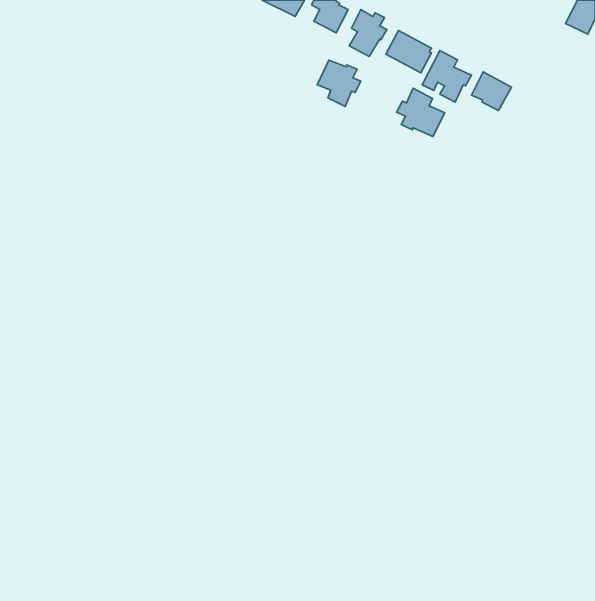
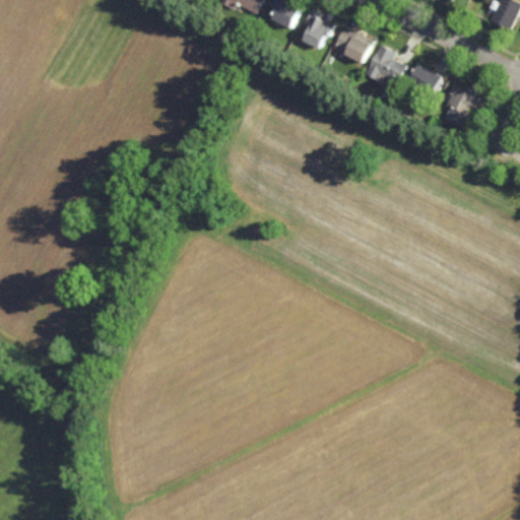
building: [317,60,361,107] -> none
building: [397,88,445,136] -> none
building: none -> [441,84,478,128]

